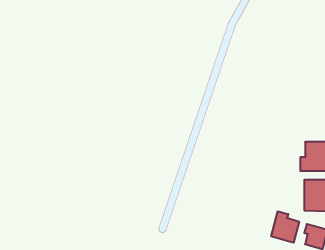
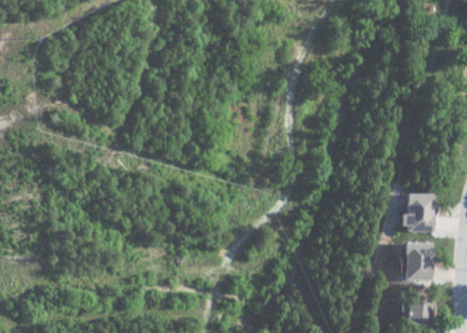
building: [271,211,299,243] -> none

